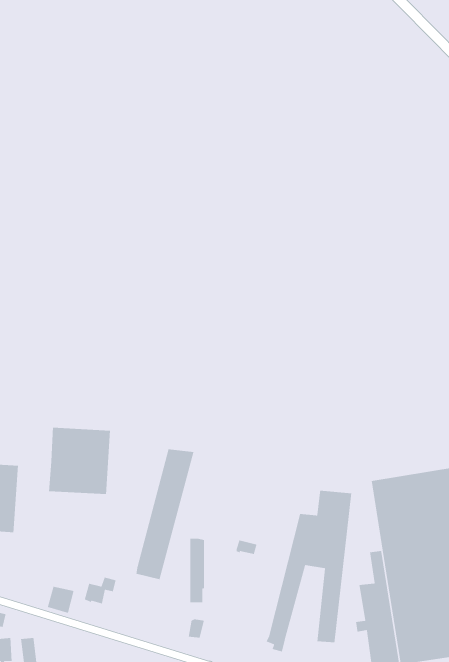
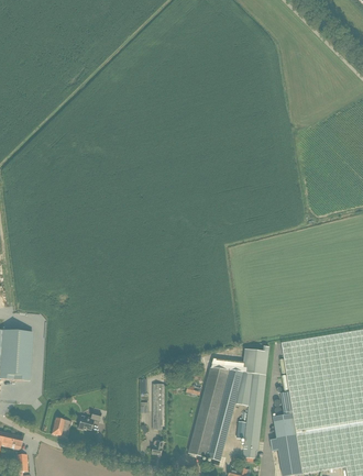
building: [48,427,111,495] -> none
building: [135,448,194,580] -> [189,363,231,456]

